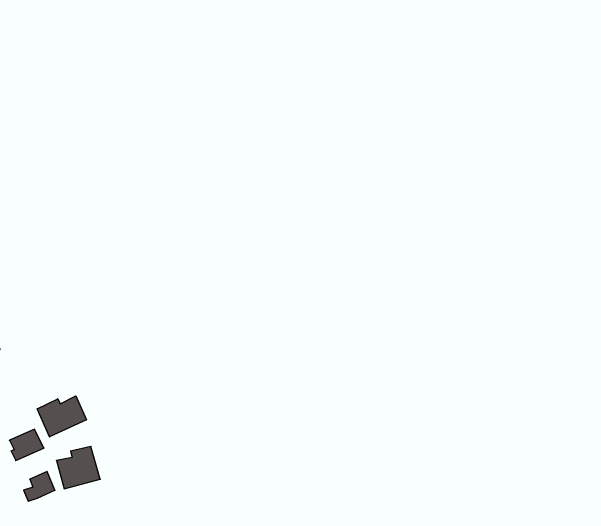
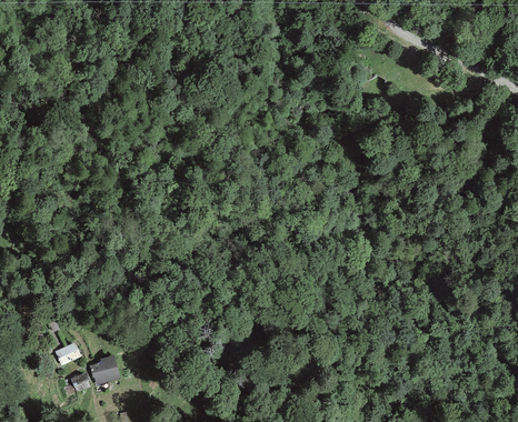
building: [37,396,86,437] -> none

